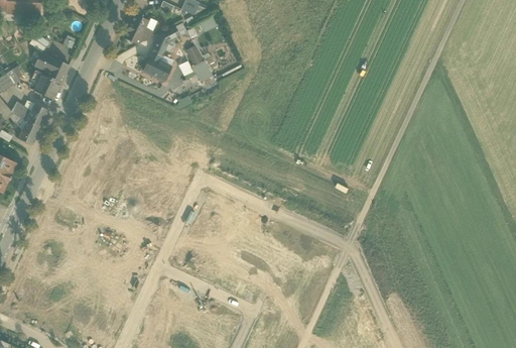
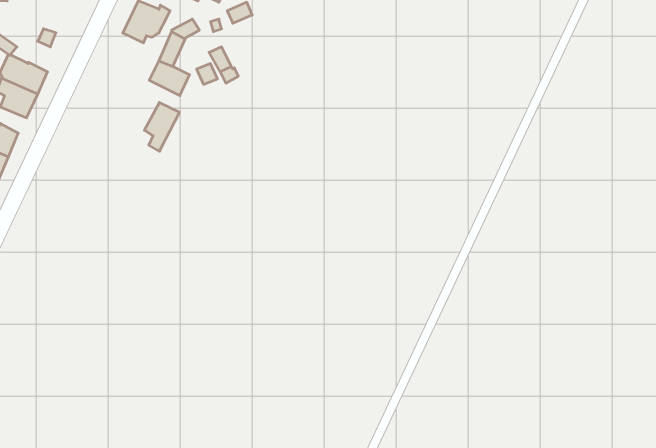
building: none -> [144,102,179,151]

